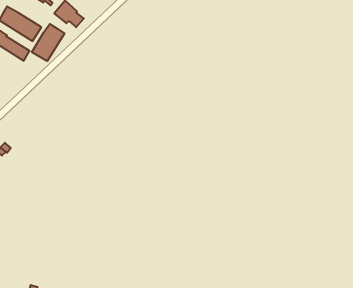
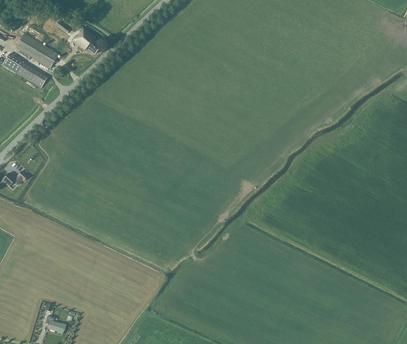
building: [32,24,64,61] -> none

